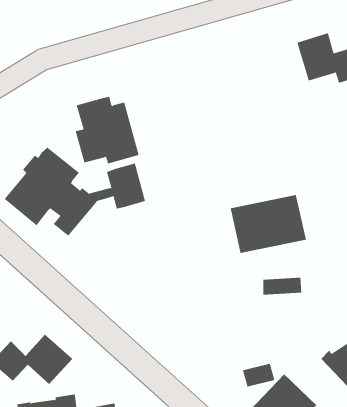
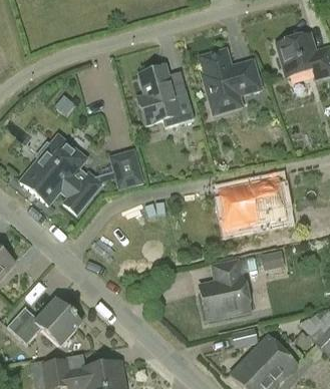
building: none -> [199,48,261,113]
building: [75,96,139,164] -> [136,65,194,125]
building: none -> [200,260,250,319]

